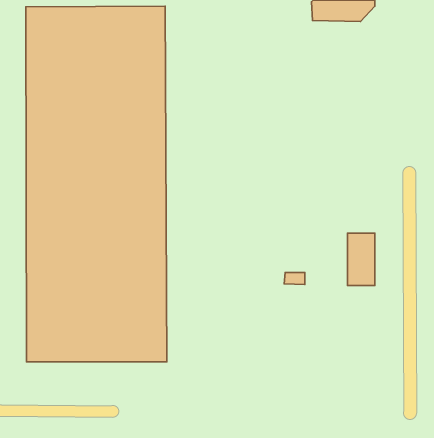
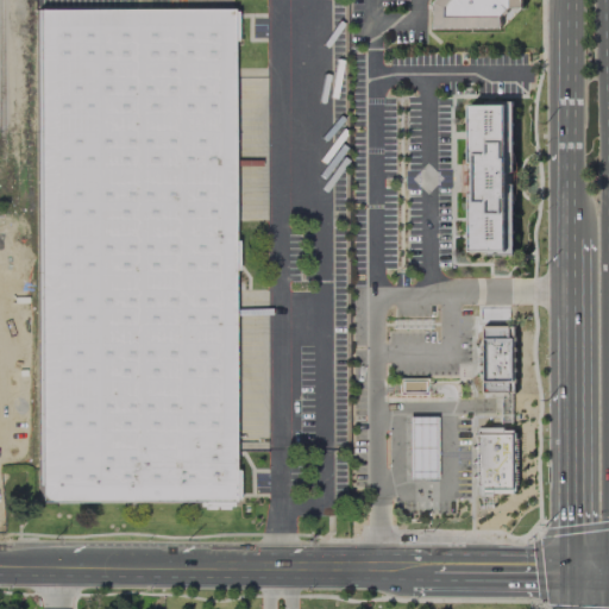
building: none -> [473,103,516,253]
building: none -> [410,415,439,477]
building: none -> [482,432,519,489]

